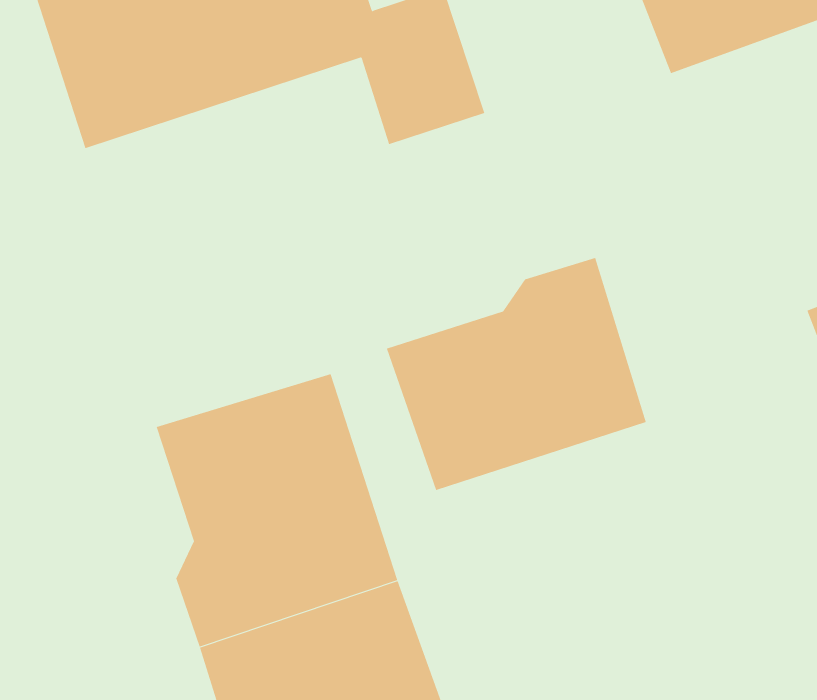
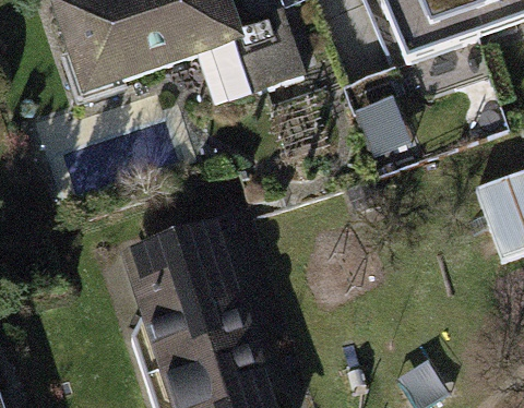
building: [386,257,647,491] -> none

